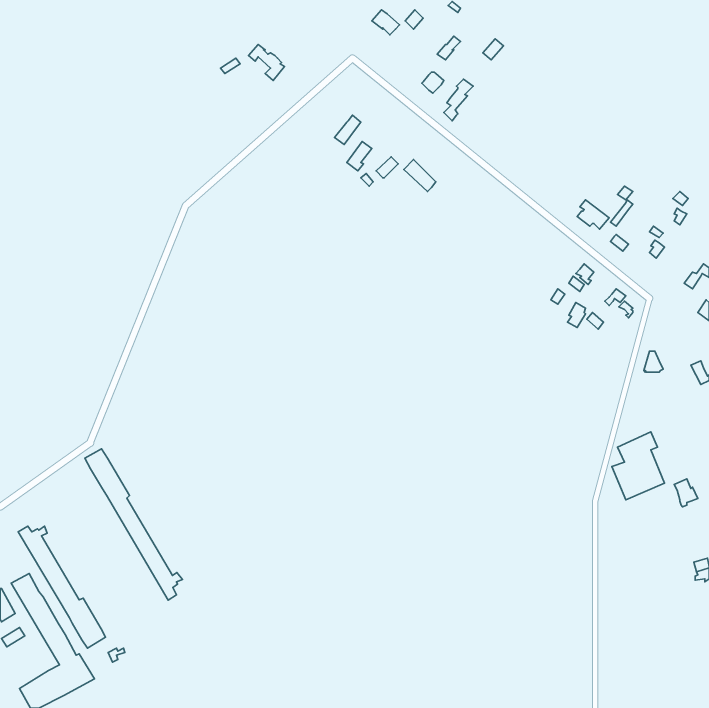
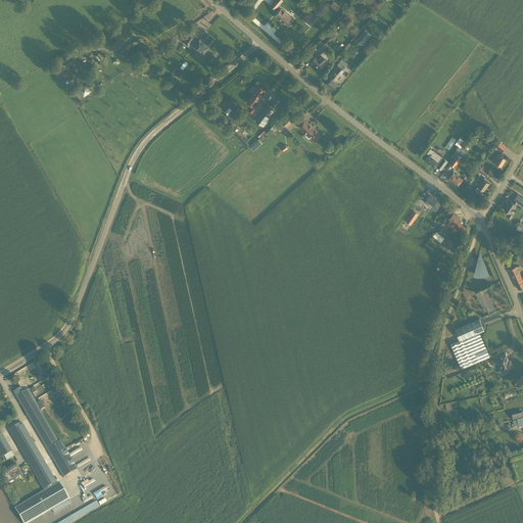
building: [85,449,182,600] -> none

